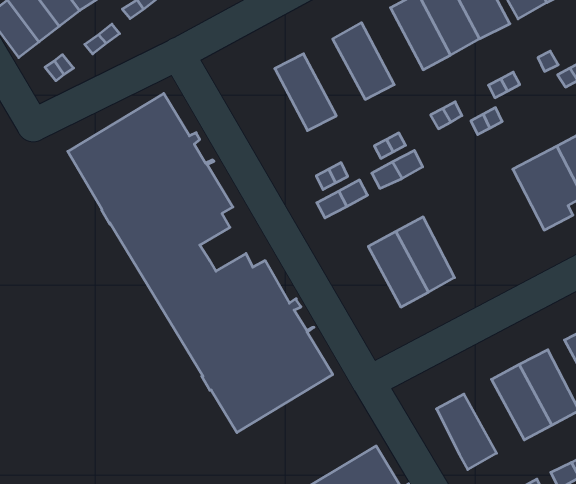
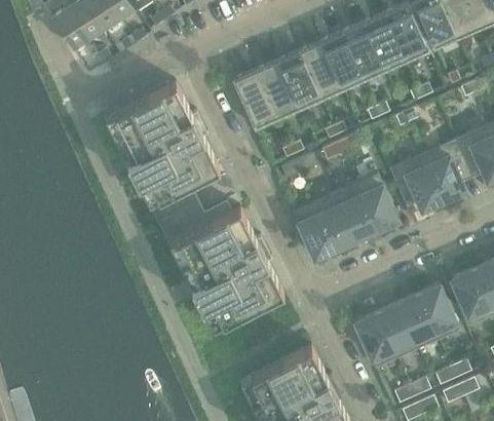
building: none -> [321,32,364,87]
building: none -> [278,51,320,107]
building: none -> [235,70,277,126]
building: none -> [389,154,443,208]
building: none -> [356,175,397,229]
building: none -> [294,202,336,257]
building: none -> [377,304,418,357]

